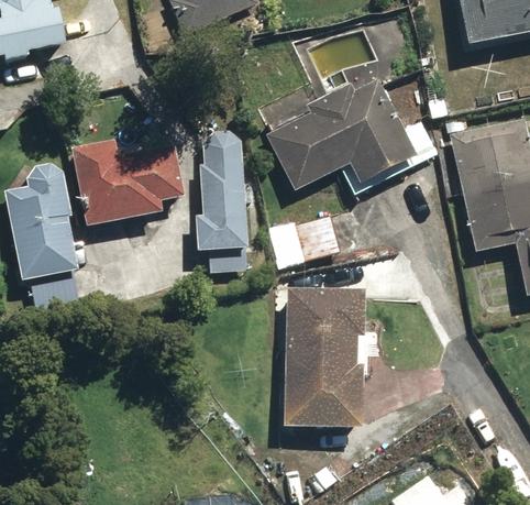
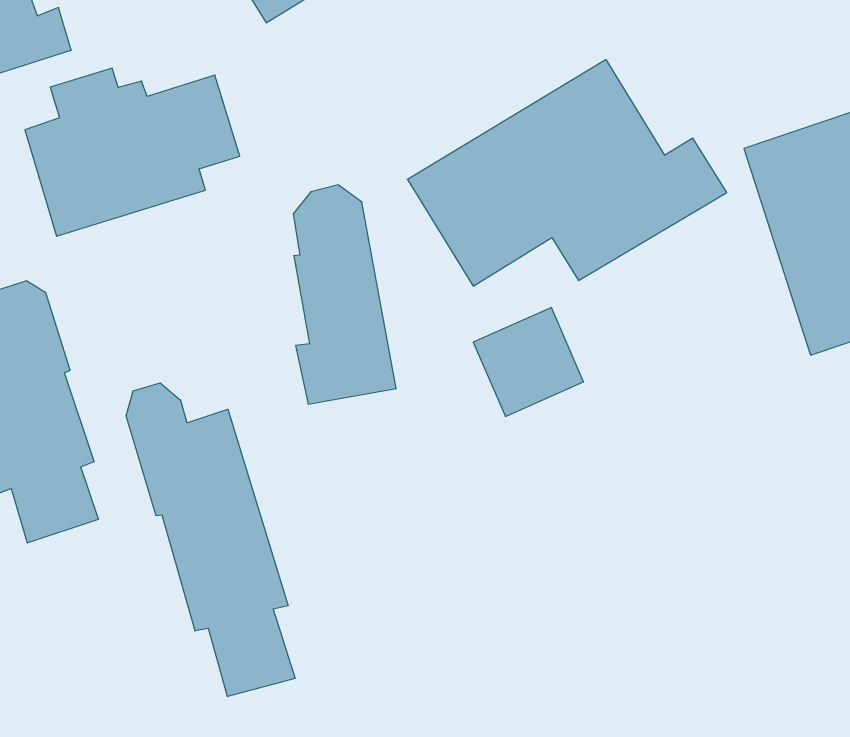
building: [73,135,189,224] -> [25,68,240,236]
building: none -> [126,383,295,697]
building: [286,285,372,429] -> none

